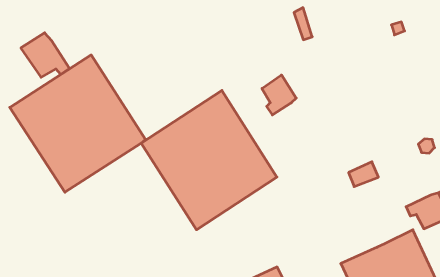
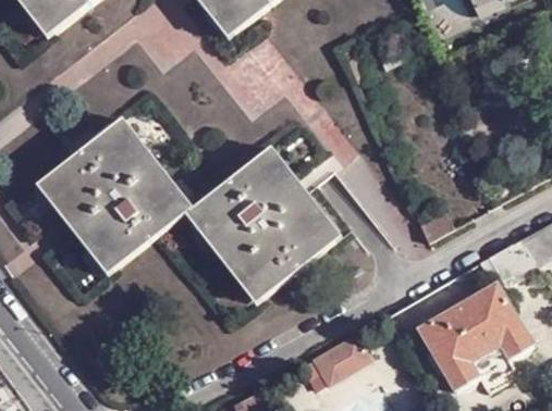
building: [21,33,69,77] -> none
building: [262,75,296,115] -> none

